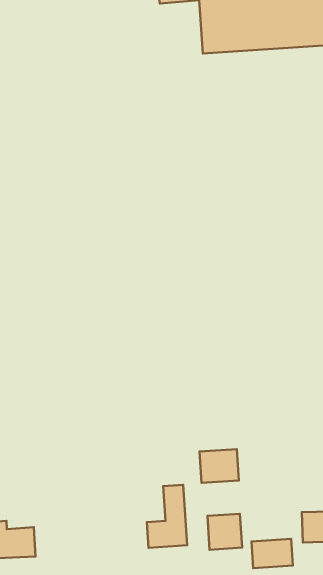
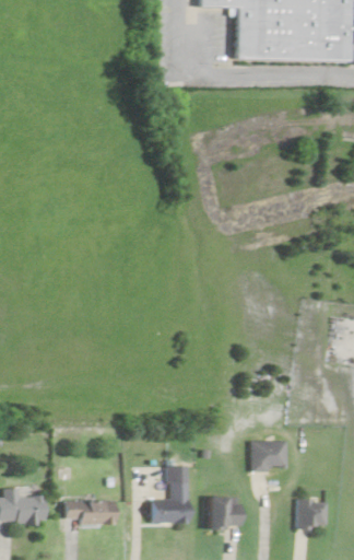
building: [199,449,239,483] -> [252,440,287,469]
building: none -> [66,500,116,524]
building: [251,539,293,568] -> none

